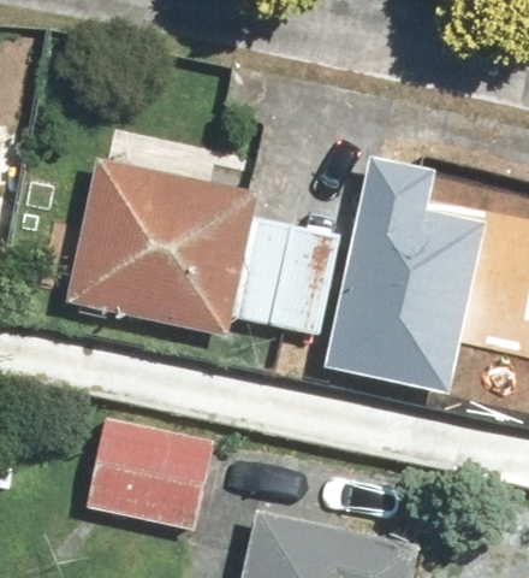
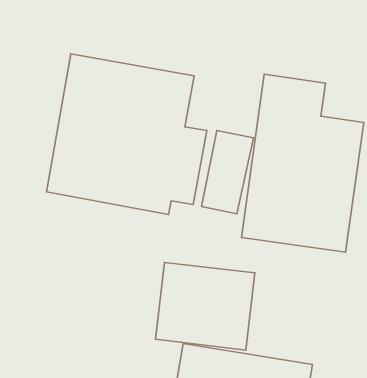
building: [79,414,210,530] -> [155,263,255,350]

